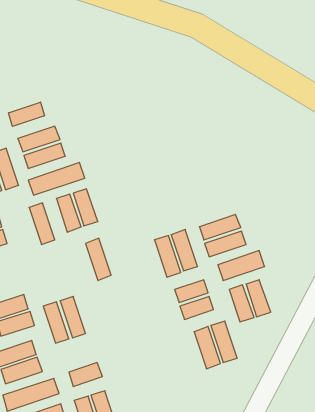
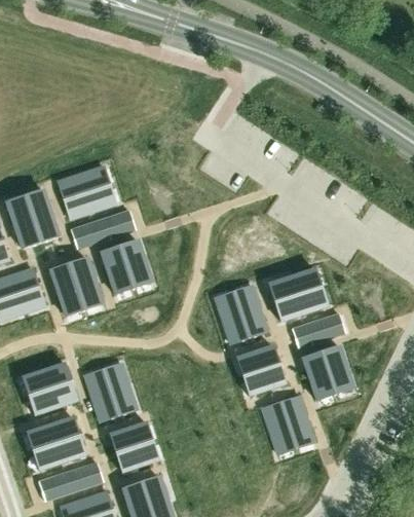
building: [9,102,44,126] -> none
building: [86,238,111,281] -> [50,263,80,312]
building: none -> [109,423,148,451]

